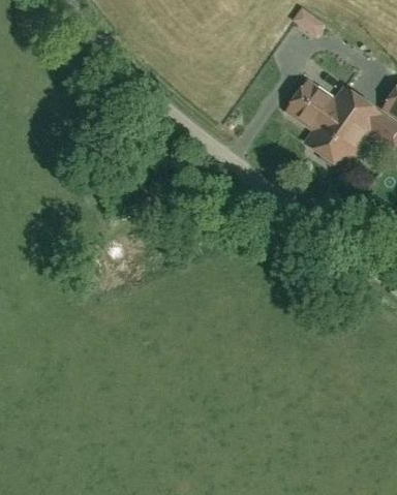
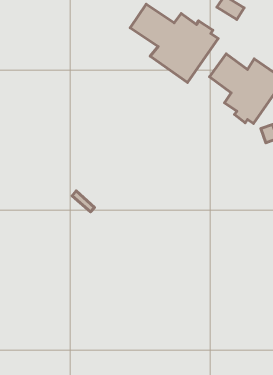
building: none -> [130,4,218,82]

